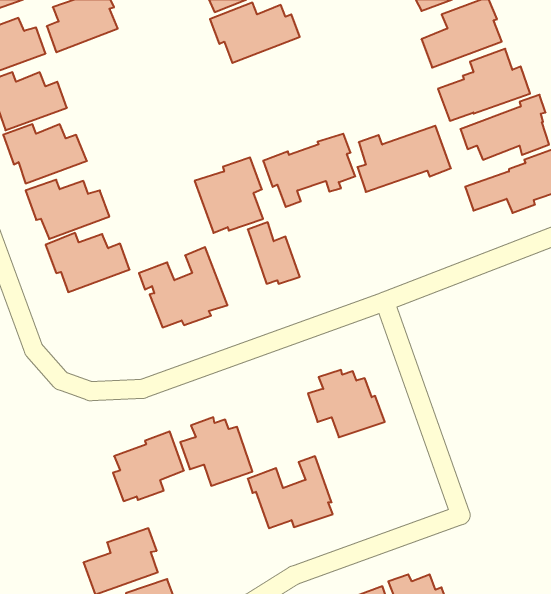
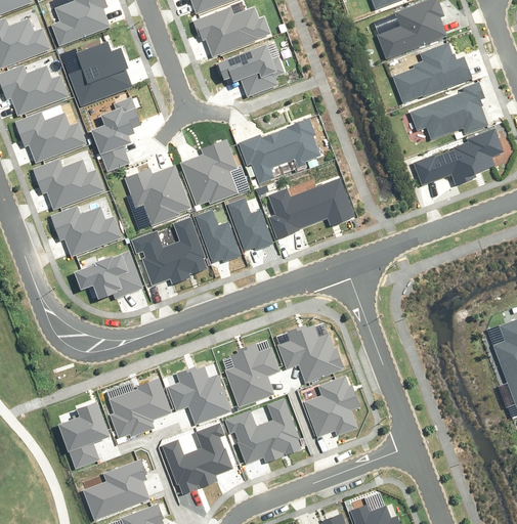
building: none -> [60,41,132,106]
building: none -> [216,44,285,93]
building: none -> [92,94,142,169]
building: [357,126,451,192] -> [267,180,348,237]
building: none -> [126,163,192,224]
building: none -> [195,208,241,262]
building: none -> [73,251,141,298]
building: none -> [224,341,281,406]
building: none -> [301,375,359,437]
building: none -> [58,399,111,466]
building: none -> [162,423,232,492]

